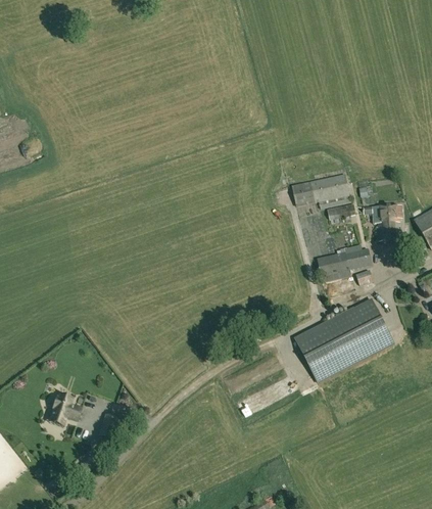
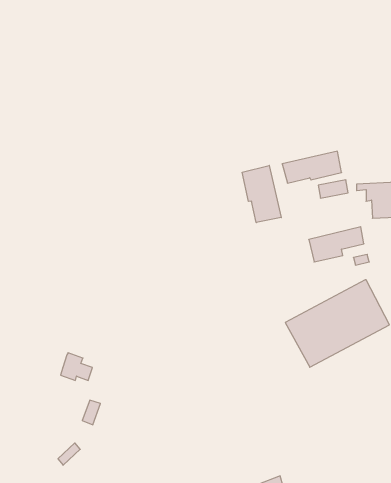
building: none -> [242,165,281,223]
building: [50,392,81,419] -> [61,353,92,380]

